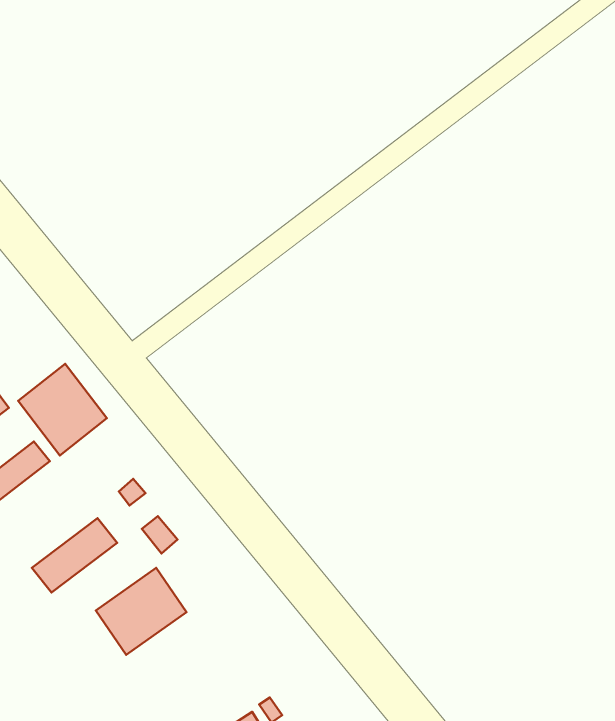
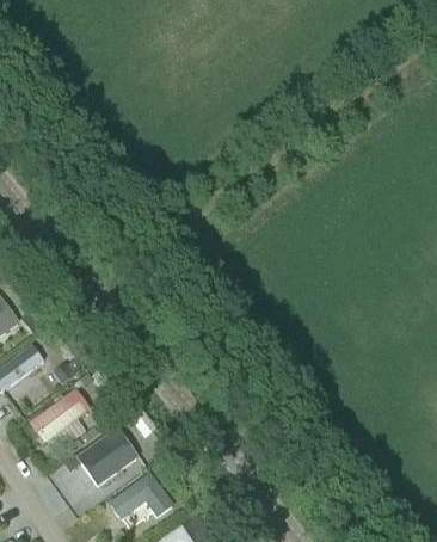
building: [18,364,107,455] -> none
building: none -> [112,473,172,516]

